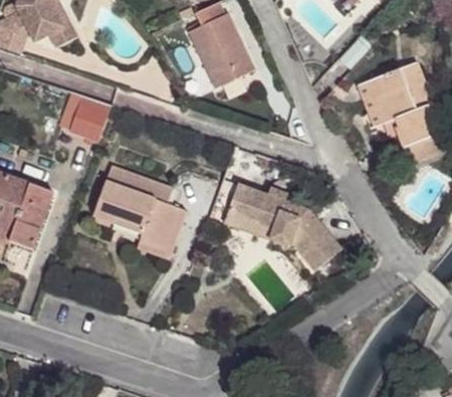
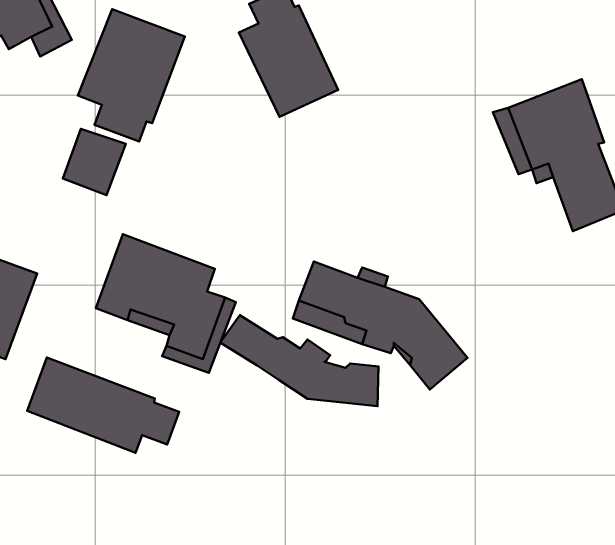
building: none -> [78,9,185,142]
building: none -> [220,315,379,406]
building: none -> [27,358,179,453]

